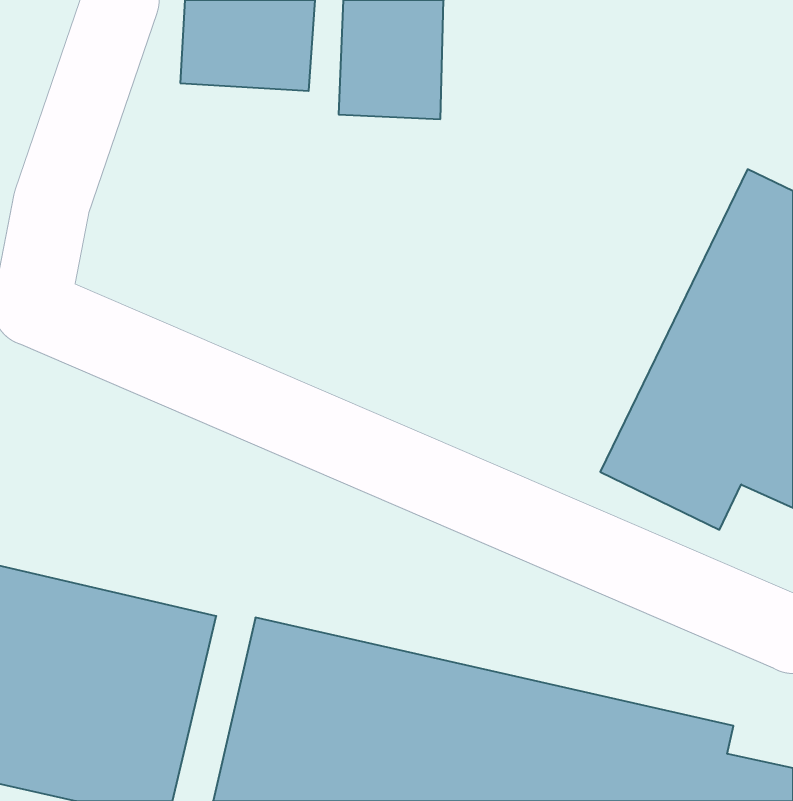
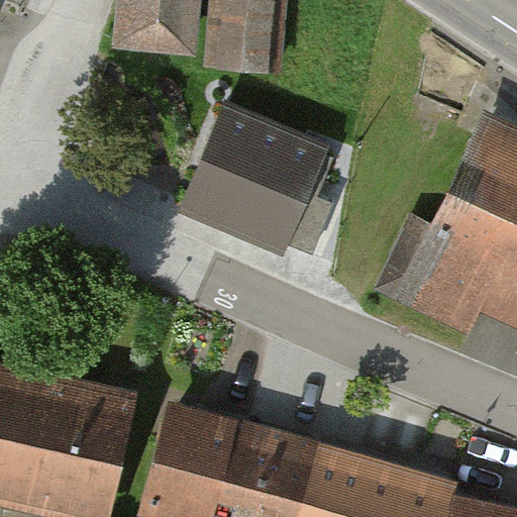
building: none -> [183,111,331,256]

